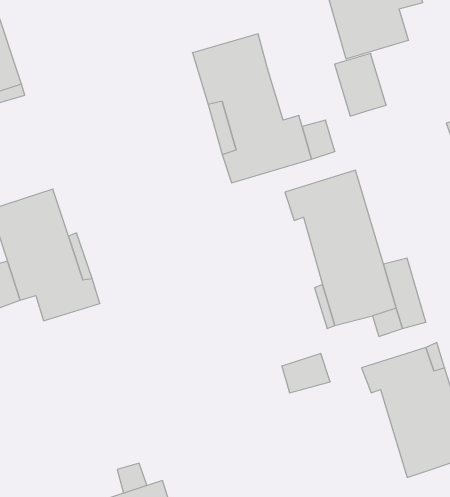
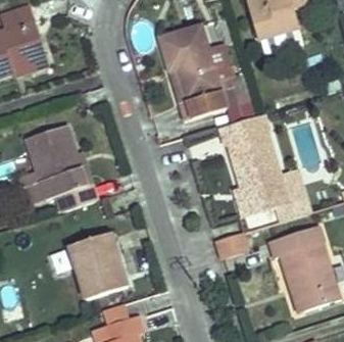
building: [335,53,386,116] -> [206,39,240,80]
building: none -> [51,233,127,299]

